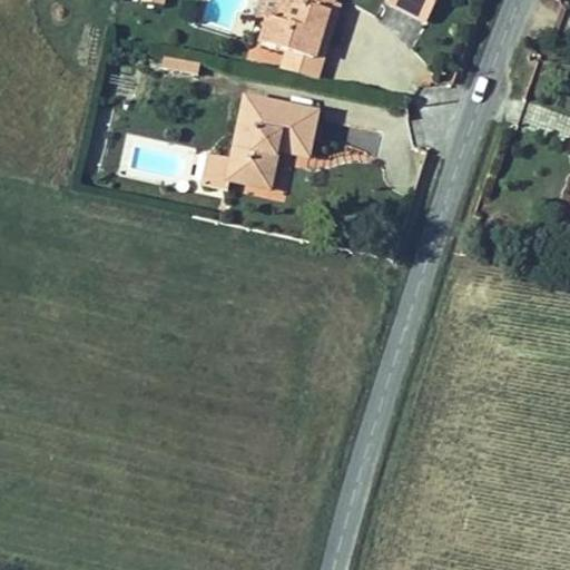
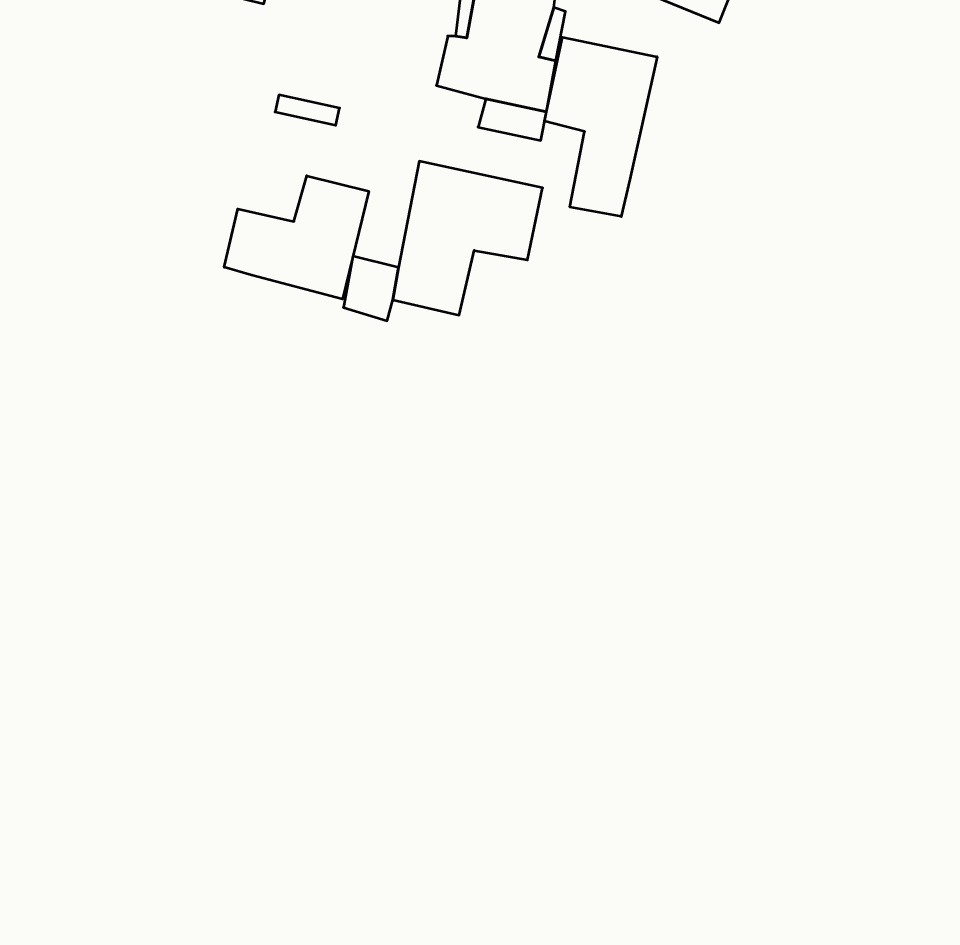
building: none -> [545,37,657,217]
building: none -> [224,176,369,299]

